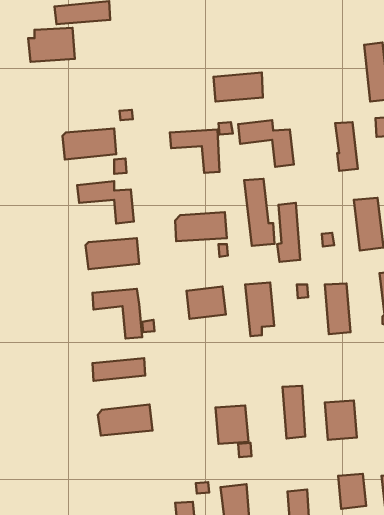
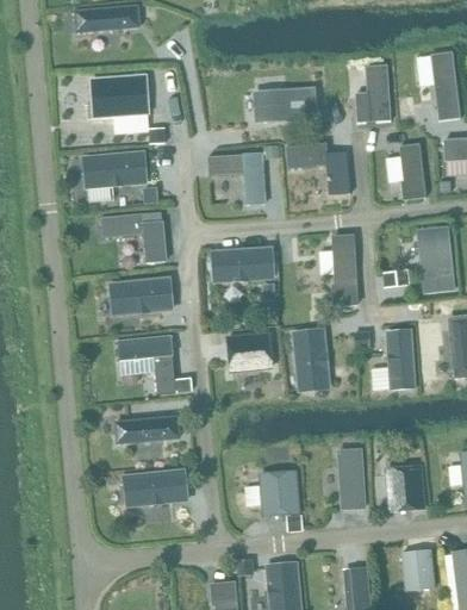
building: [28,28,75,62] -> [94,76,148,116]
building: none -> [367,66,391,120]
building: [244,179,275,246] -> none

